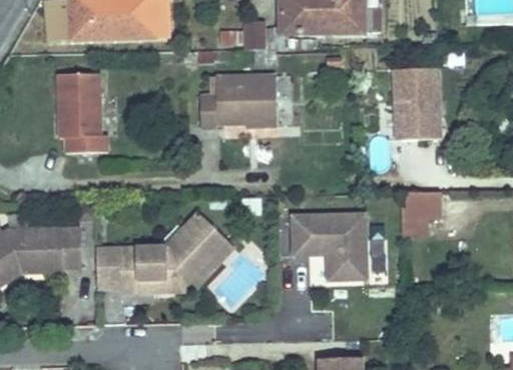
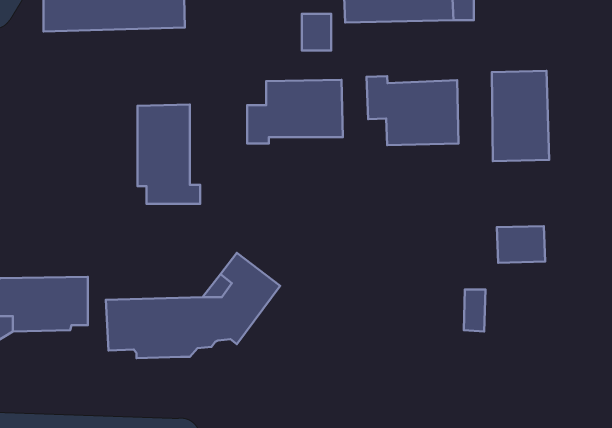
building: [58,72,107,150] -> [138,105,200,204]
building: none -> [367,76,458,145]
building: [292,215,365,282] -> none

